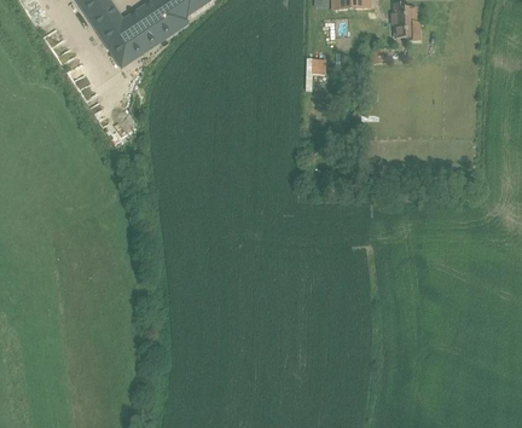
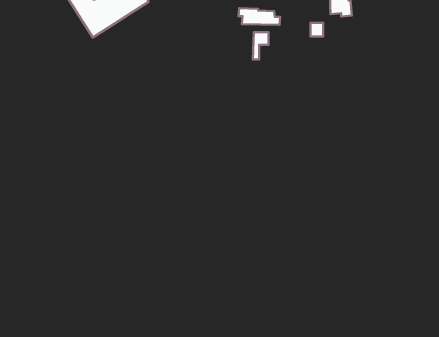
building: none -> [239,8,280,25]

